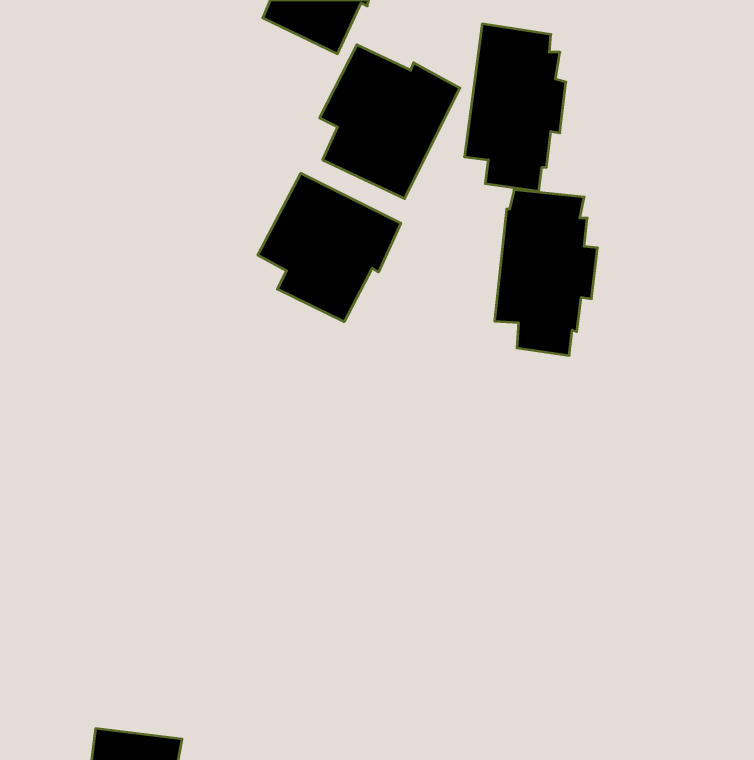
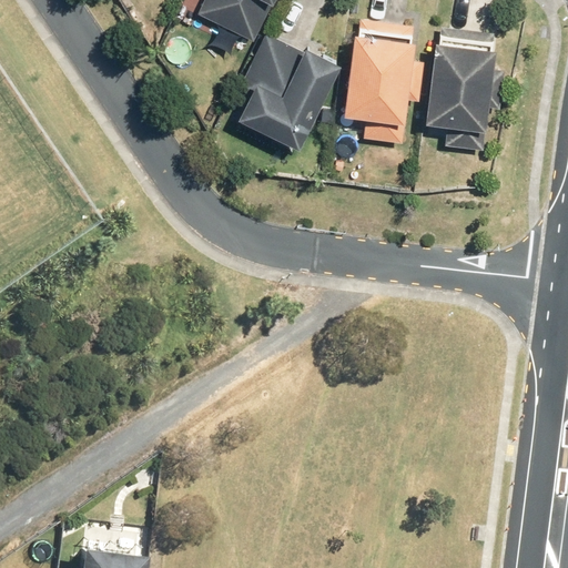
building: [258,173,401,322] -> none
building: [495,190,598,355] -> [425,29,501,152]

